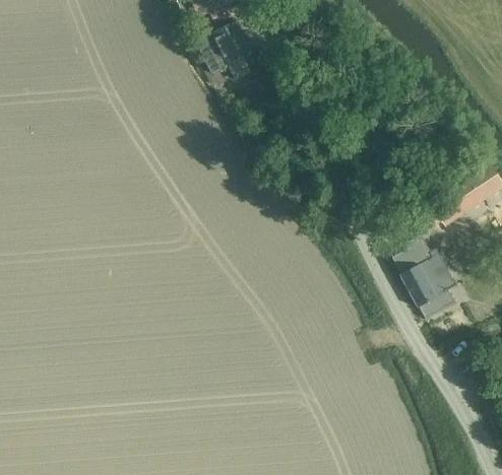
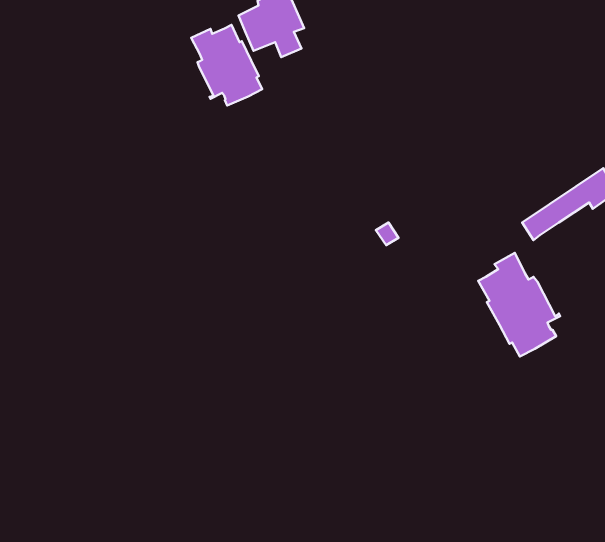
building: none -> [191,25,262,106]

